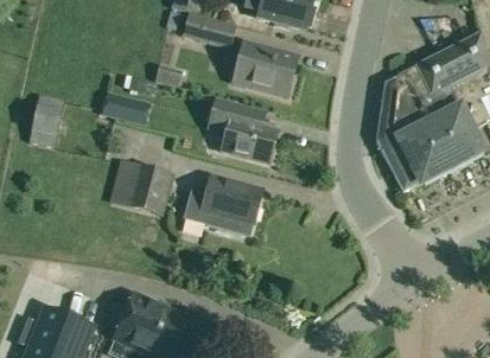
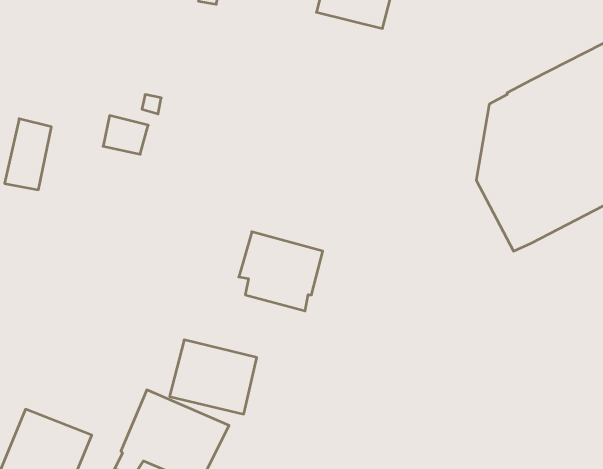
building: [183,12,236,49] -> none
building: [231,39,299,96] -> none
building: [211,98,279,162] -> none
building: [109,159,173,213] -> [170,340,257,414]

